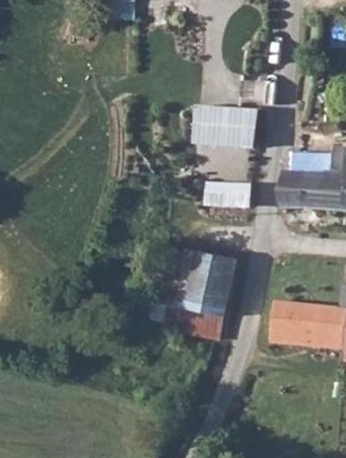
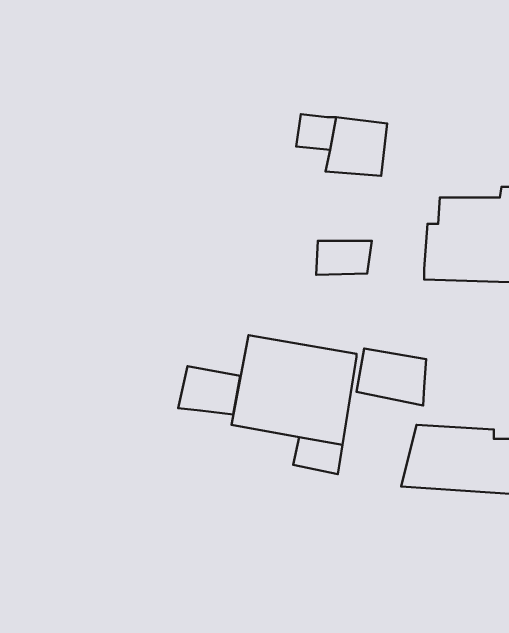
building: none -> [357,348,426,405]
building: none -> [178,366,240,414]

